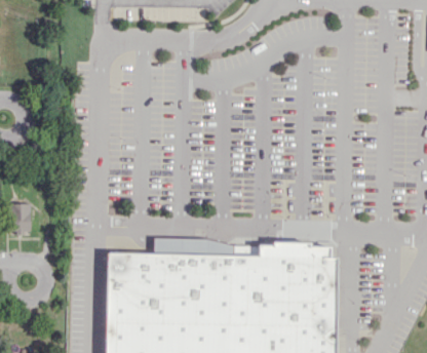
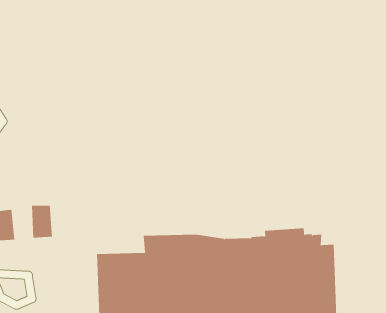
building: none -> [32,205,52,238]

